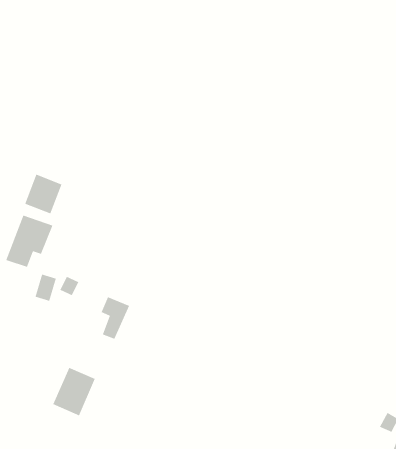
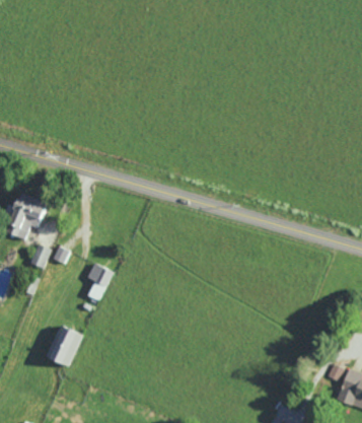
building: [24,174,63,215] -> none

